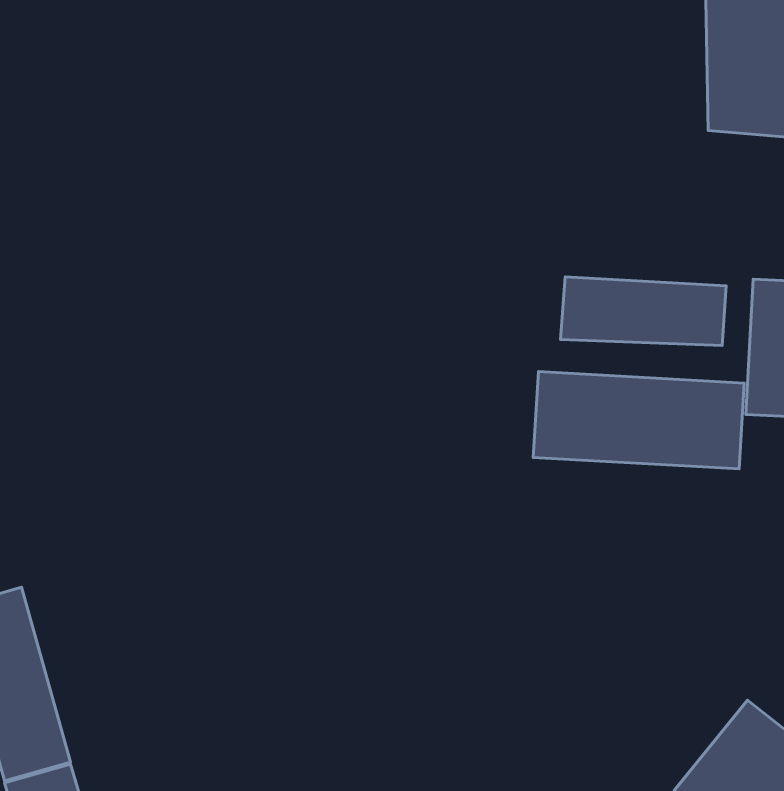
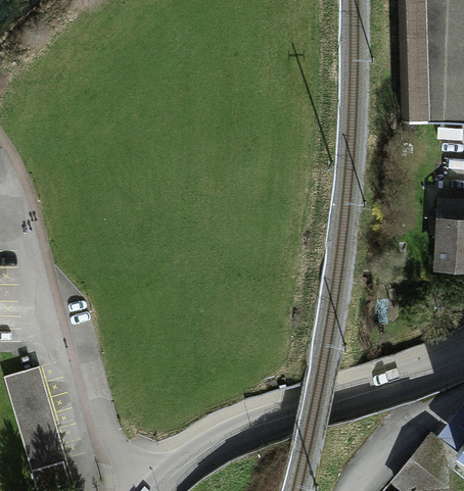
building: [561,277,726,346] -> none
building: [533,372,744,469] -> none

